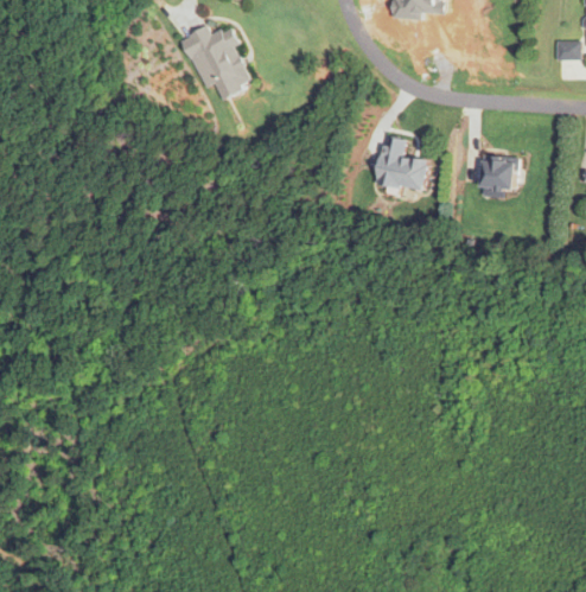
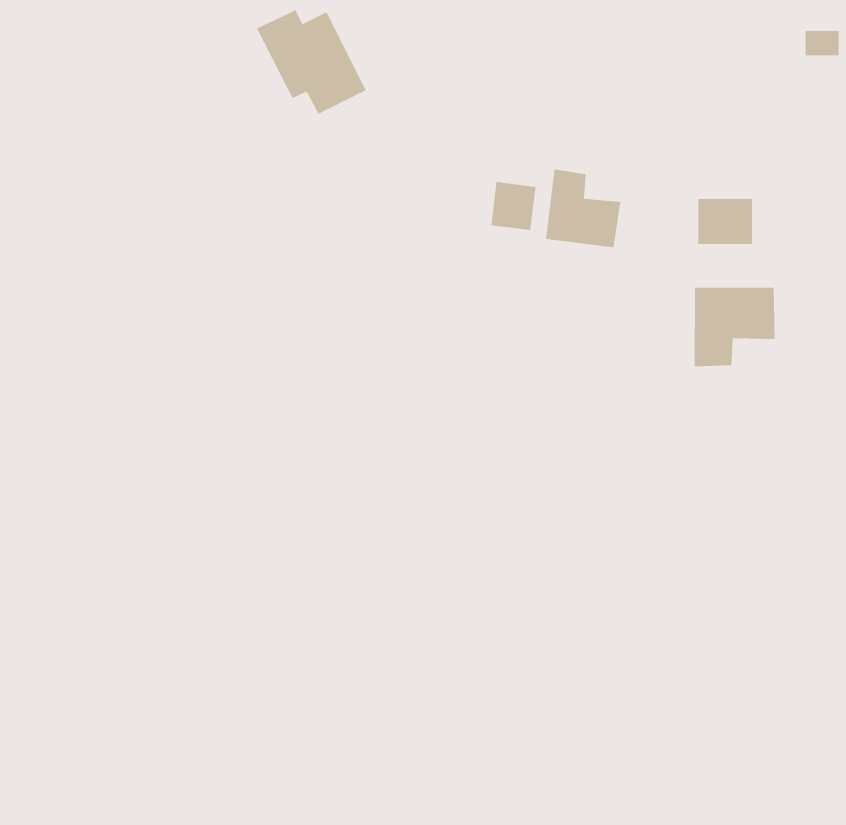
building: none -> [490,181,536,231]
building: none -> [694,287,776,367]

